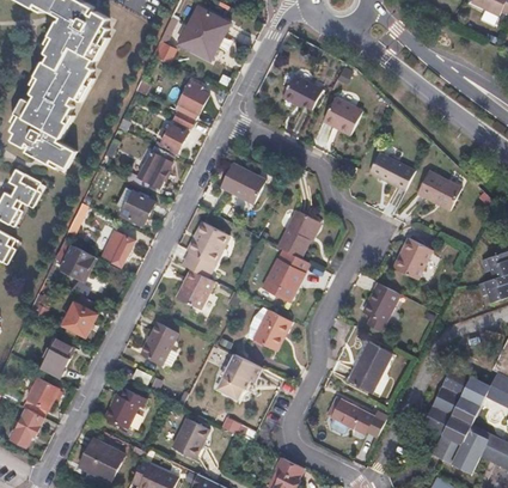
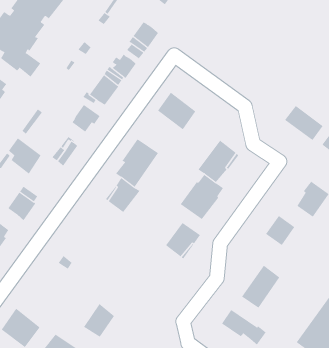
building: [280,72,320,108] -> none
building: [324,97,361,135] -> none
building: [140,322,177,365] -> none
building: [216,354,263,401] -> none
building: [104,386,146,428] -> none

